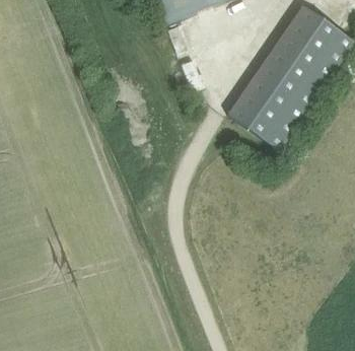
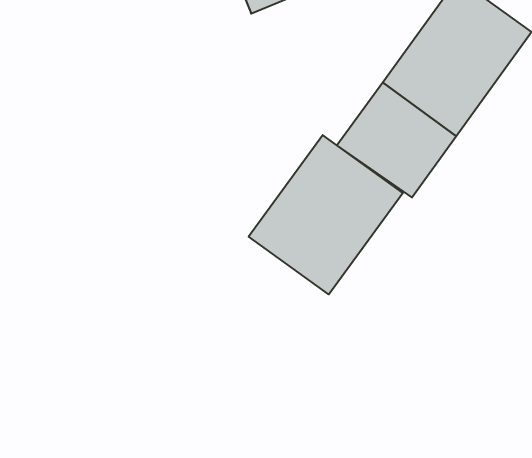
building: none -> [249,135,403,294]

